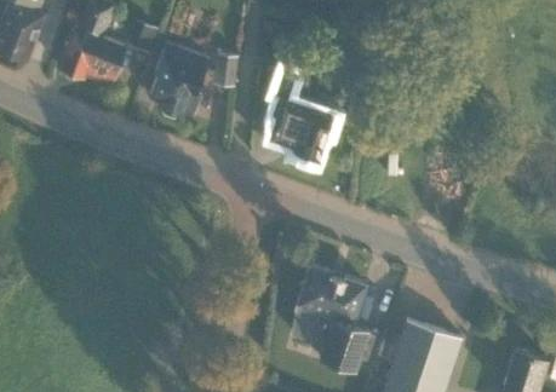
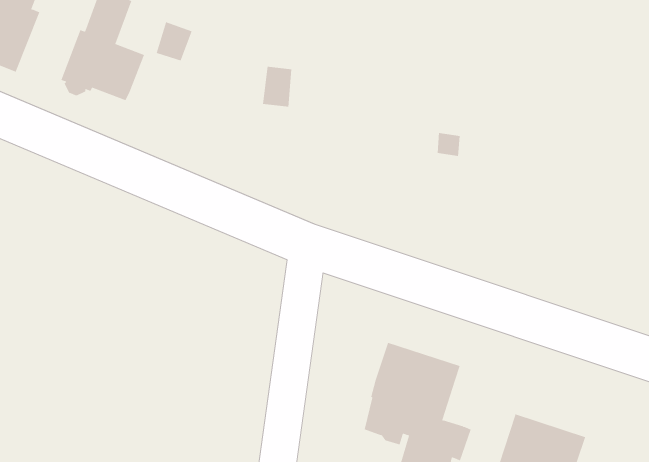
building: [150,46,208,117] -> none
building: [269,68,337,162] -> none

